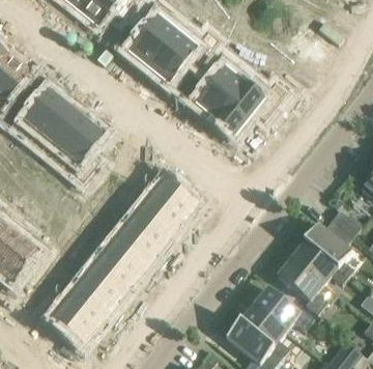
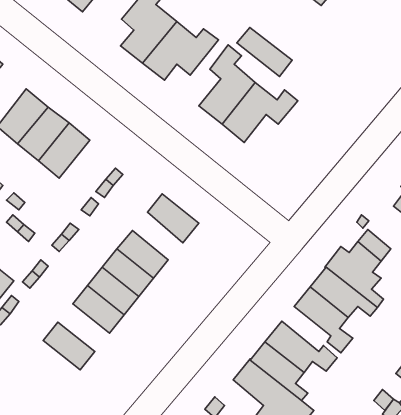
building: none -> [237,27,292,77]
building: [141,194,183,234] -> none
building: [78,272,121,312] -> none
building: [52,303,96,344] -> none

